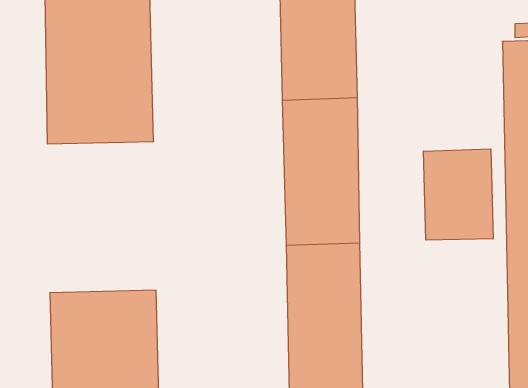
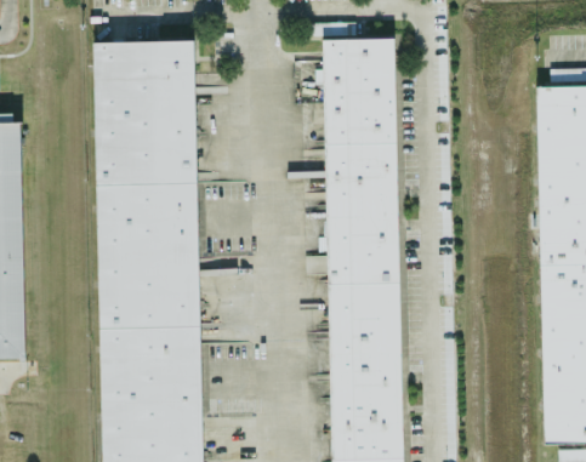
building: none -> [95,182,200,329]
building: [424,149,493,240] -> none

